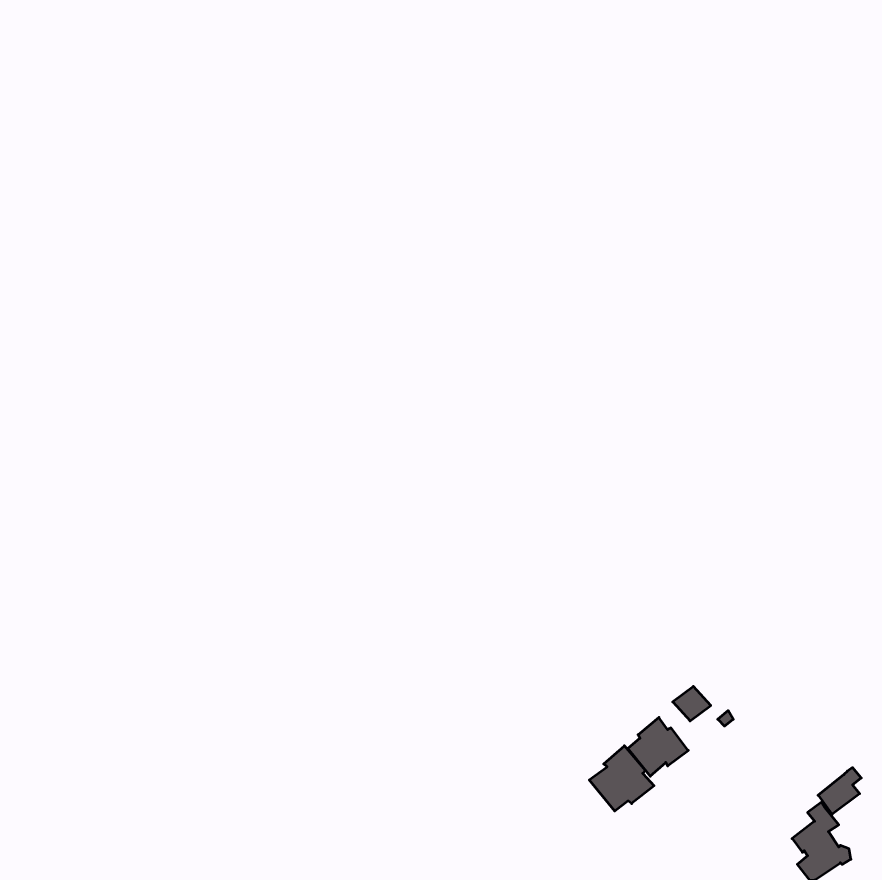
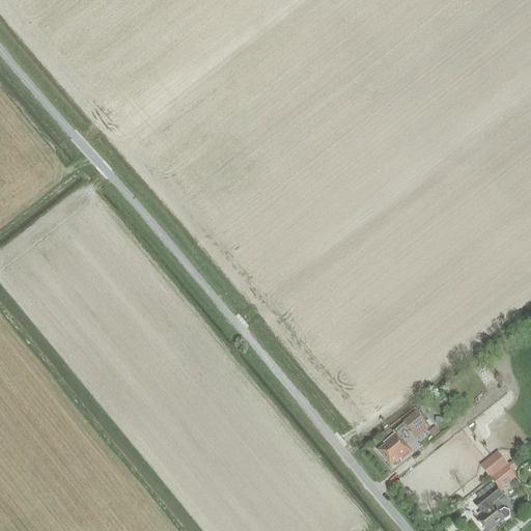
building: [589,746,654,811] -> none
building: none -> [479,449,509,478]

